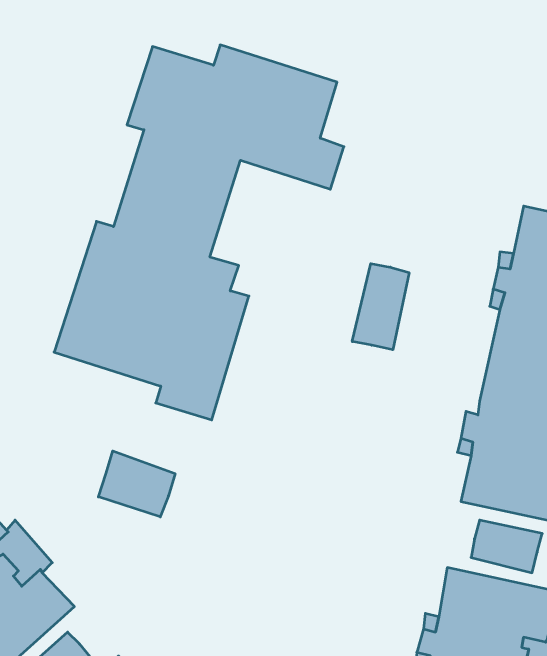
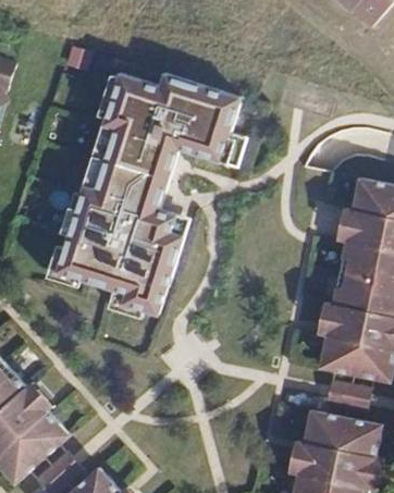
building: [352,264,409,350] -> none
building: [98,451,175,517] -> none

